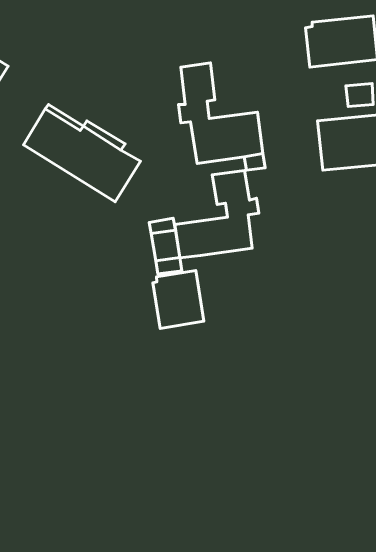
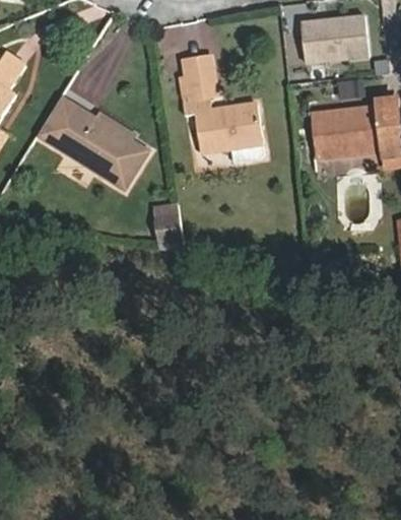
building: [175,171,259,258] -> none
building: [153,270,204,328] -> none

